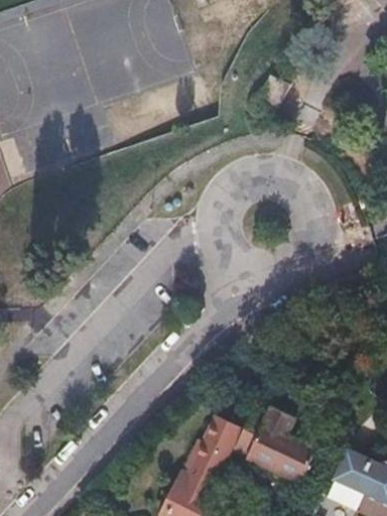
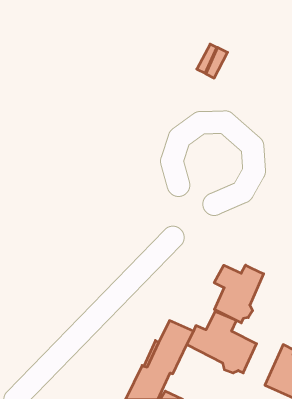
building: none -> [214,265,264,323]

